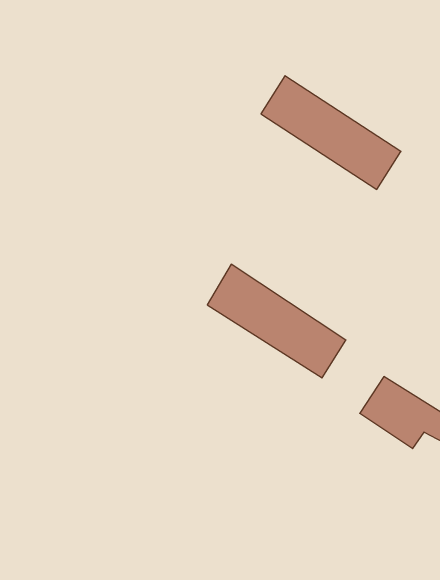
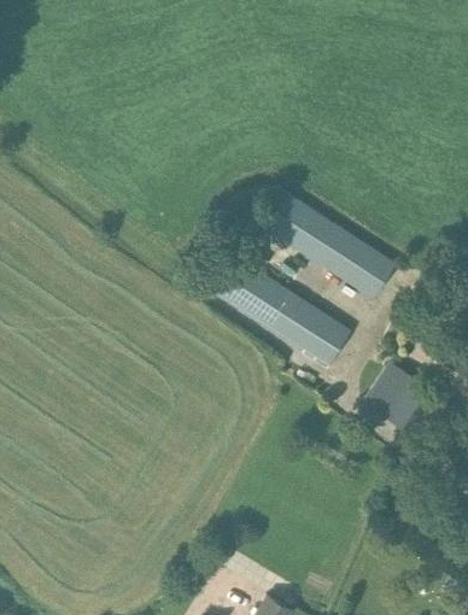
building: [261,76,401,189] -> [264,193,398,301]

